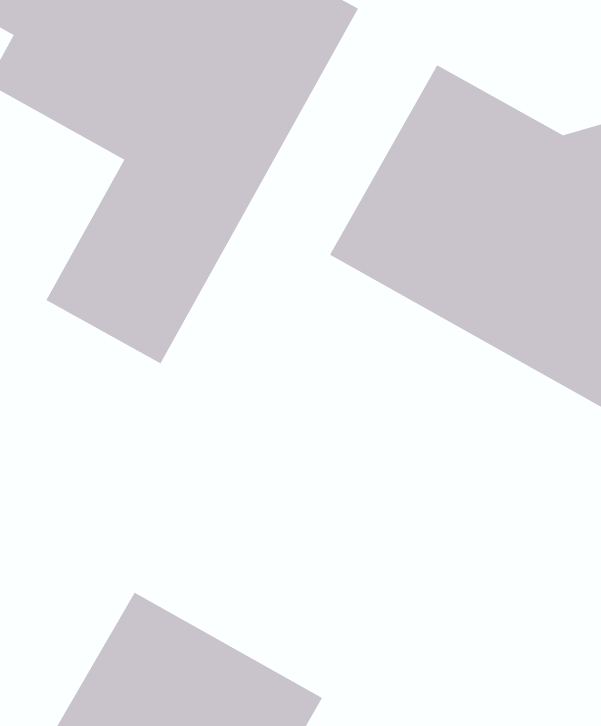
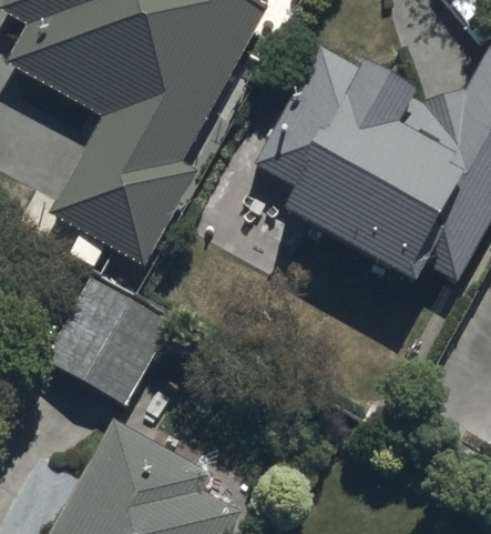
building: none -> [44,286,166,405]

